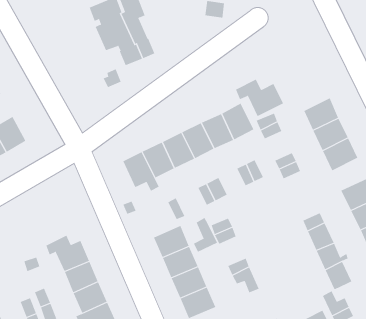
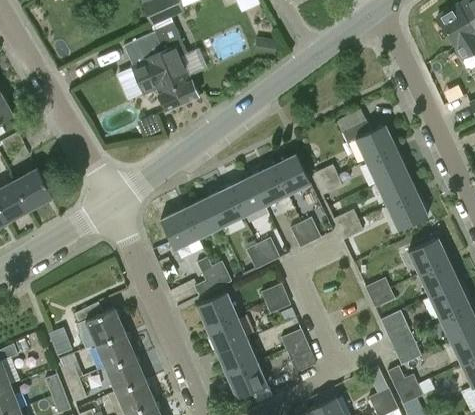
building: [235,79,284,117] -> [341,120,396,163]
building: [193,217,218,253] -> [194,257,222,297]

